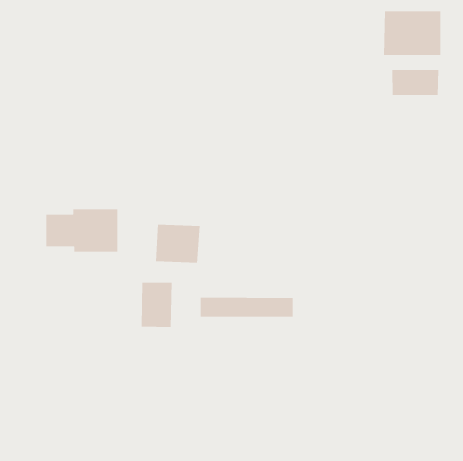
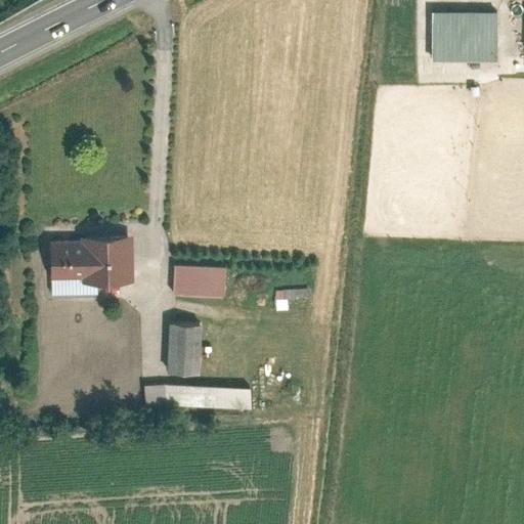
building: [392,69,439,96] -> none
building: [200,297,293,317] -> [139,384,245,406]

